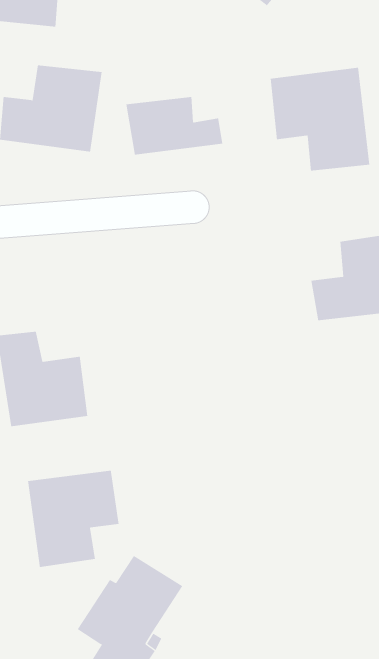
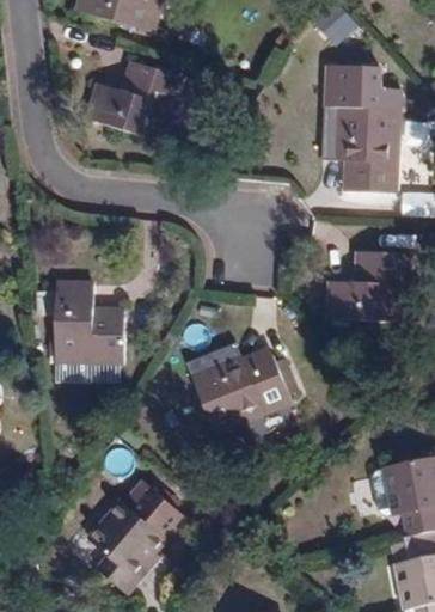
building: [125,97,223,155] -> [324,61,400,109]
building: none -> [185,342,292,432]
building: [28,470,119,568] -> none

